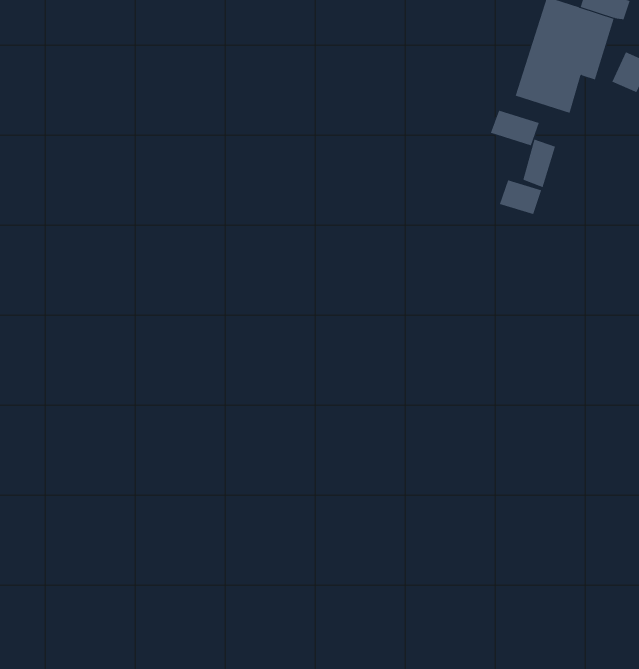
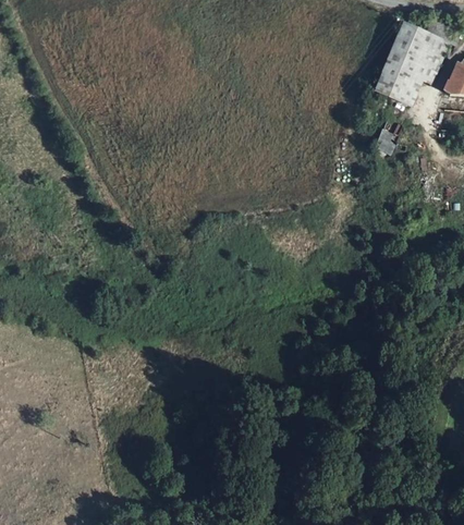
building: [490,110,540,146] -> none
building: [499,179,542,215] -> none

